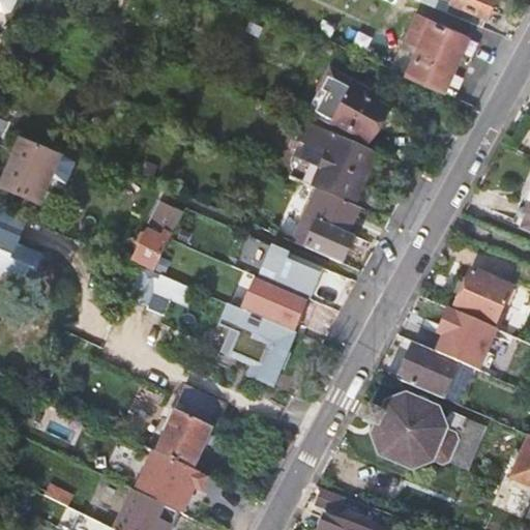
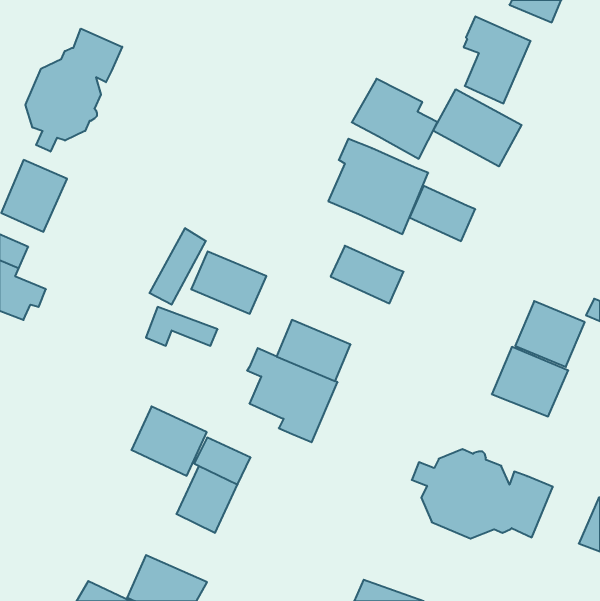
building: none -> [26,29,122,152]
building: none -> [433,89,522,166]
building: [303,188,361,237] -> [409,186,475,241]
building: [257,248,323,303] -> [191,251,266,314]
building: [398,341,463,399] -> none
building: [134,451,200,512] -> [131,406,207,476]

